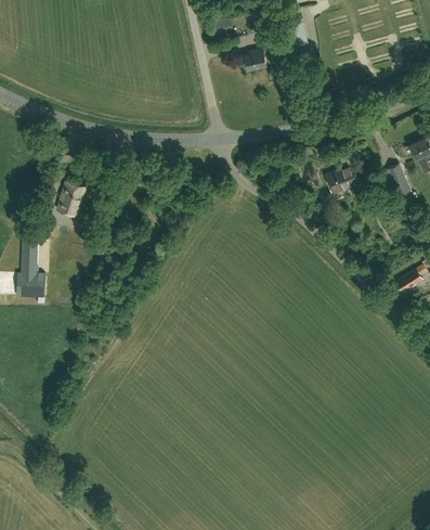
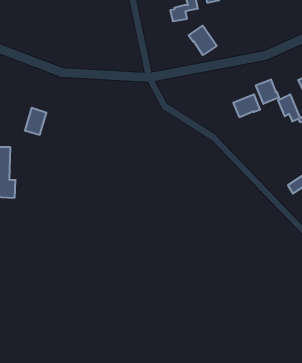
building: none -> [189,26,217,55]
building: none -> [256,79,279,104]

